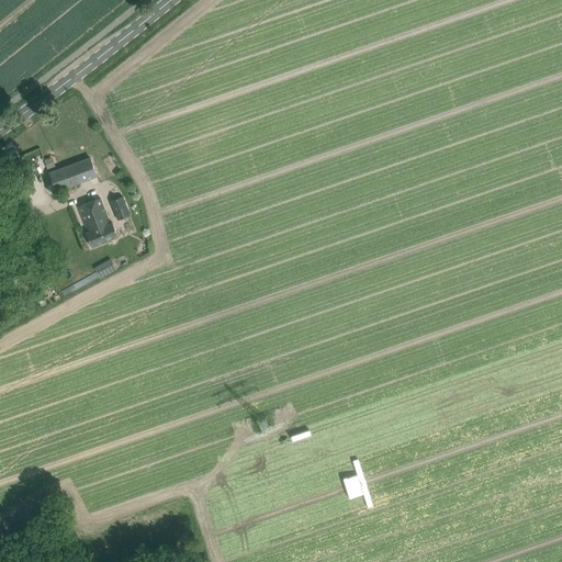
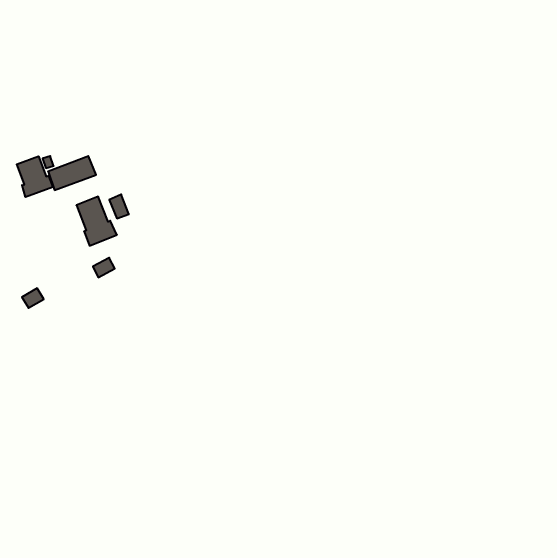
building: none -> [17,156,53,197]

